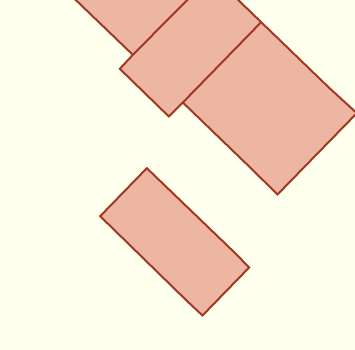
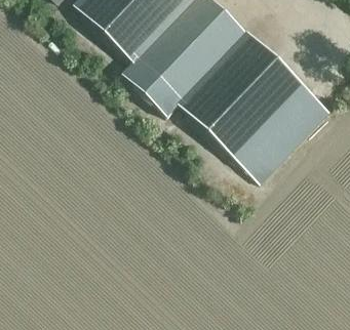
building: [100,168,249,315] -> none

